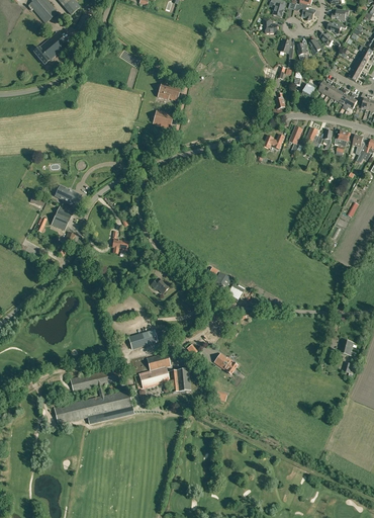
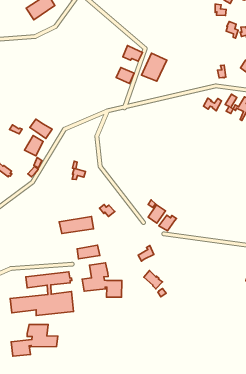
building: none -> [142,53,167,81]
building: none -> [59,217,93,234]
building: none -> [11,324,58,356]

